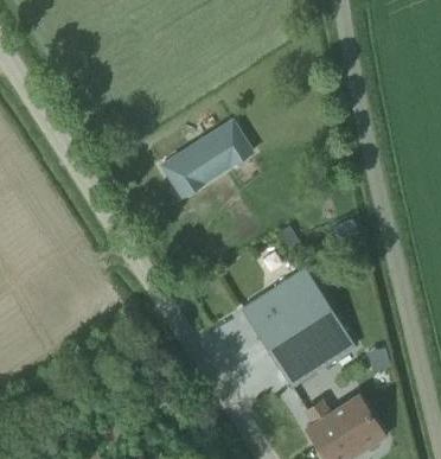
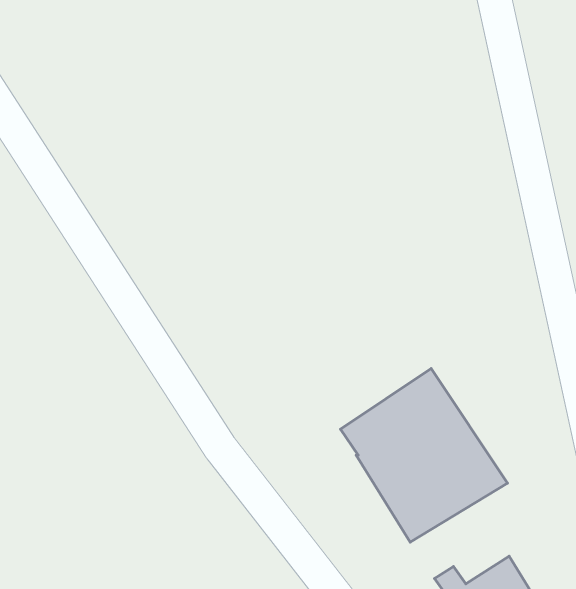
building: [162,120,253,197] -> none

